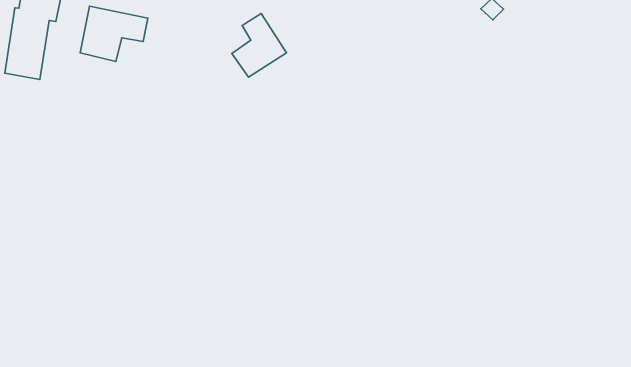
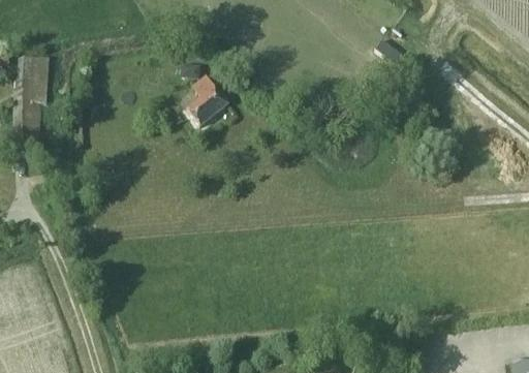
building: [80,6,148,62] -> none

